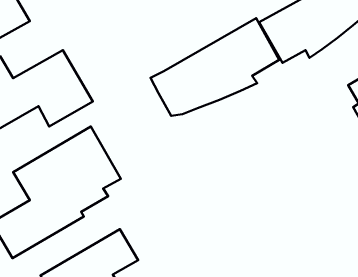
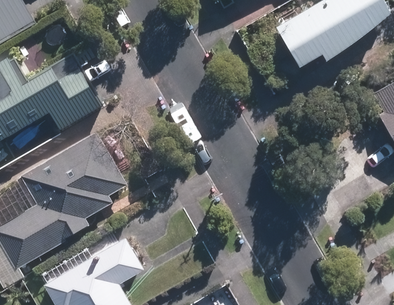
building: [150,18,279,116] -> none

